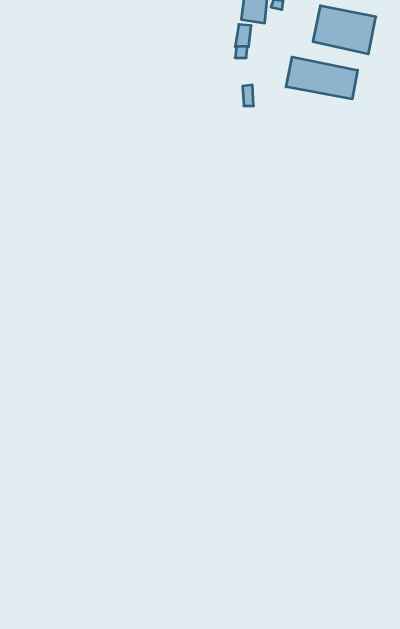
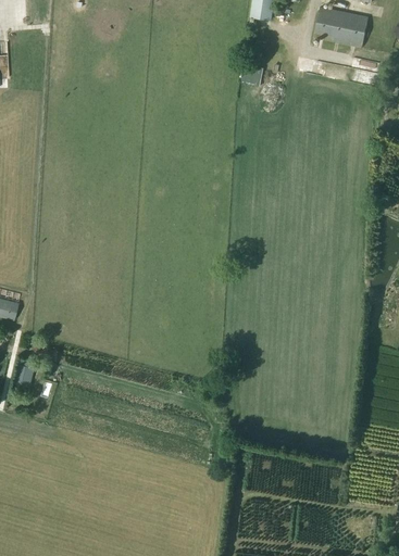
building: [286,57,358,99] -> none

